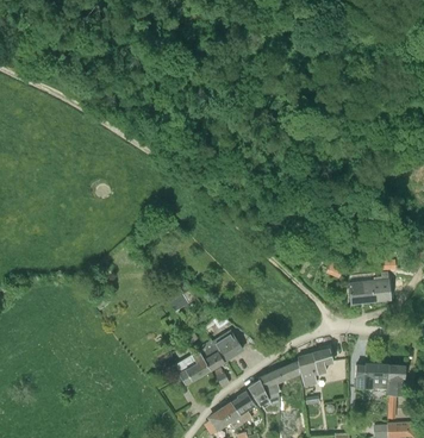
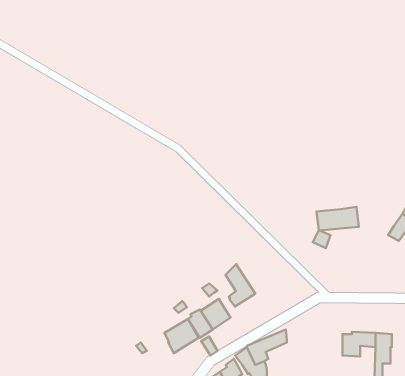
building: [348,279,391,302] -> [317,207,359,230]
building: none -> [226,264,255,307]
building: [297,349,332,386] -> none

